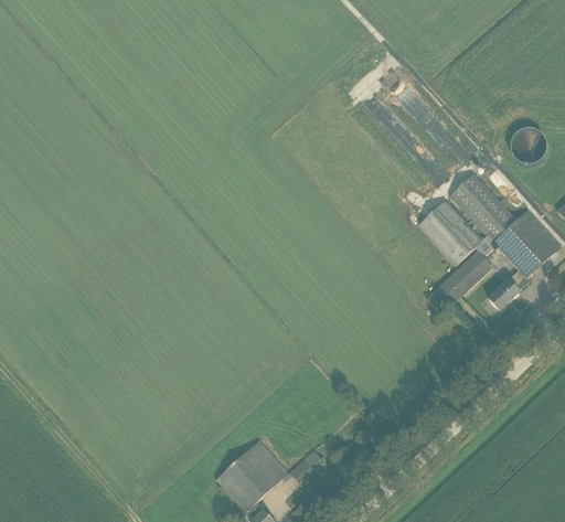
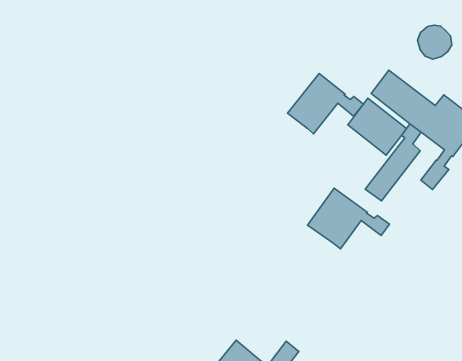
building: none -> [288,73,363,134]
building: none -> [308,188,390,249]

